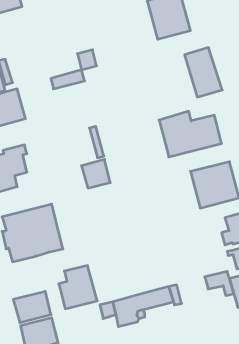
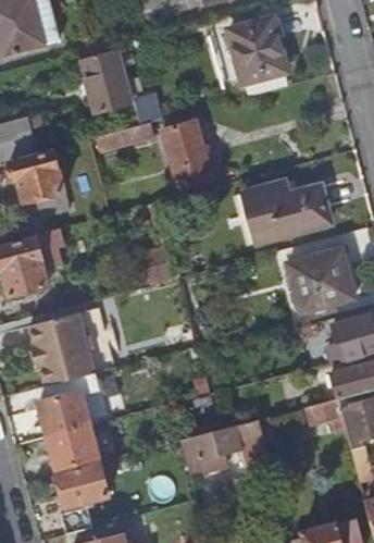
building: none -> [79,50,129,114]
building: [185,48,222,97] -> [163,121,214,188]
building: [59,266,97,309] -> [38,379,90,437]

